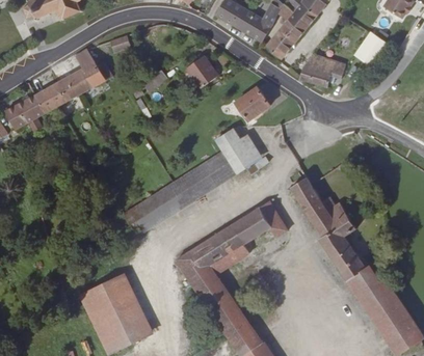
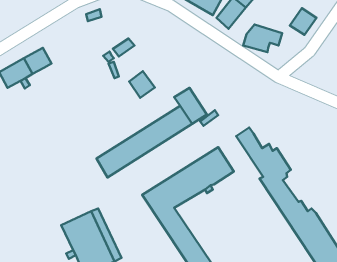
building: [57,49,111,100] -> none
building: [186,55,217,87] -> [129,71,155,98]
building: [235,86,270,120] -> none

